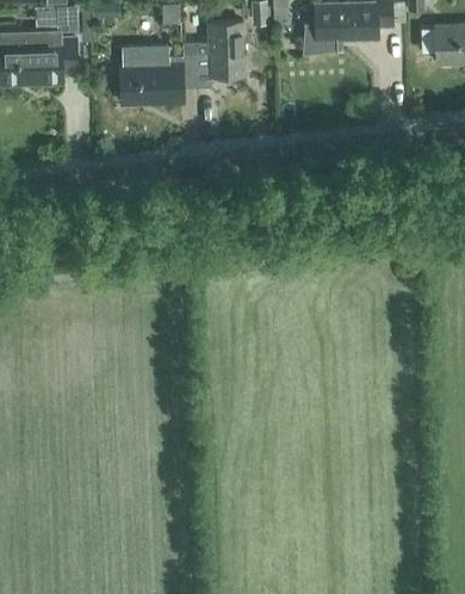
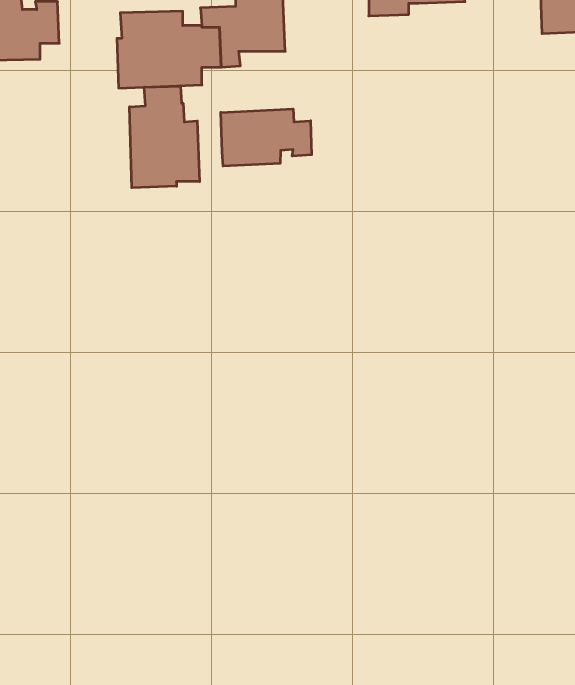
building: none -> [130,86,200,188]
building: none -> [221,109,312,166]

